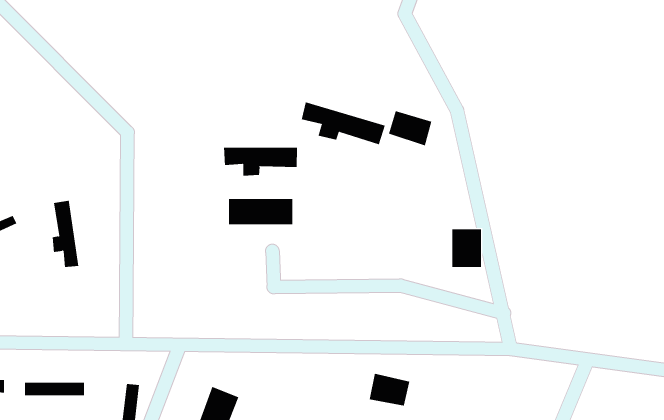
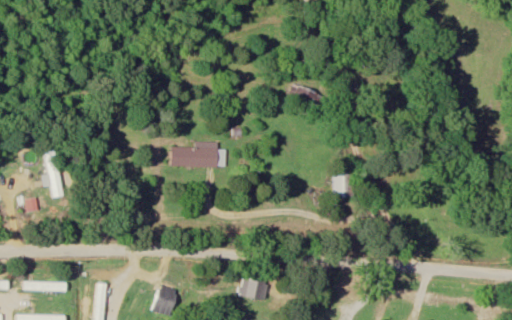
building: [301,101,385,145] -> none
building: [223,147,298,177] -> none
building: [369,373,410,406] -> [237,276,267,300]

